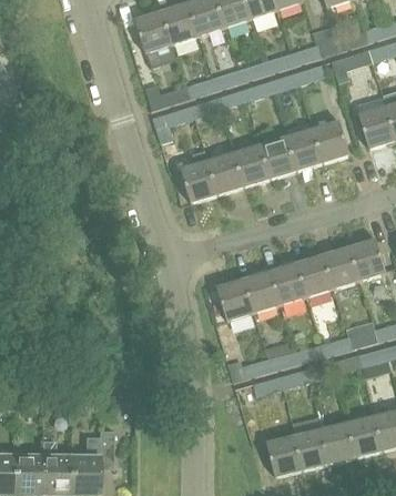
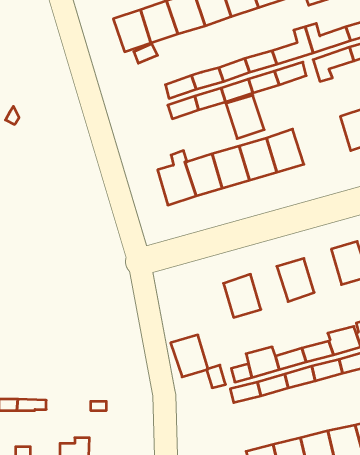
building: [144,84,191,111] -> none
building: [153,105,194,144] -> none
building: [312,121,349,163] -> [226,95,264,139]
building: [323,246,359,289] -> none
building: [271,263,307,305] -> none
building: [217,280,254,321] -> [171,335,208,377]

